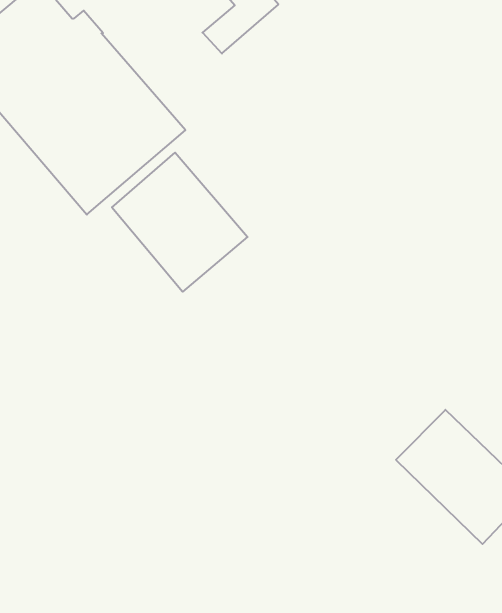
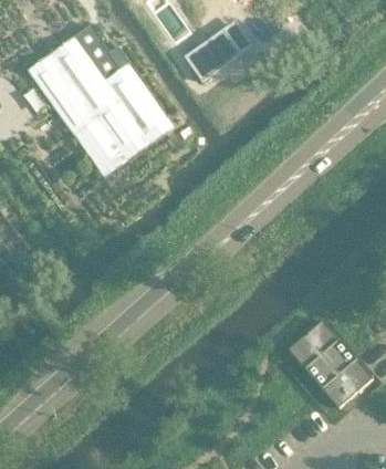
building: [112,153,248,292] -> none

